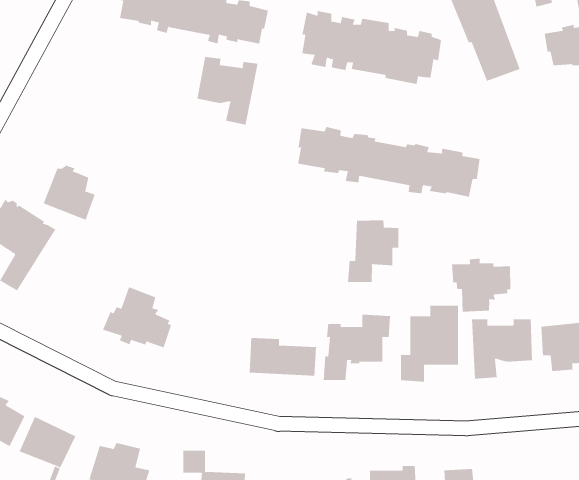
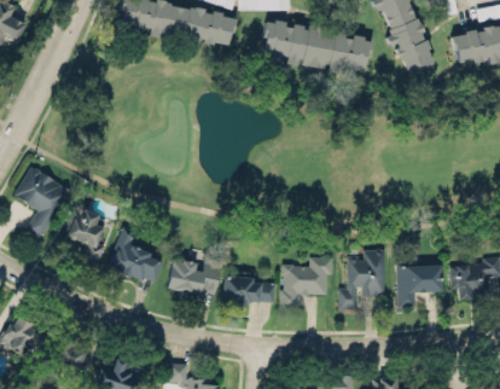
building: [197,56,258,125] -> none
building: [297,126,480,198] -> none
building: [43,165,95,221] -> [62,204,103,248]
building: [348,220,399,283] -> none
building: [451,258,511,312] -> none
building: none -> [165,257,221,297]

